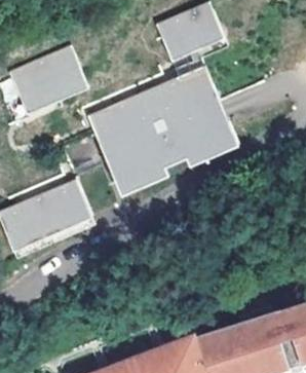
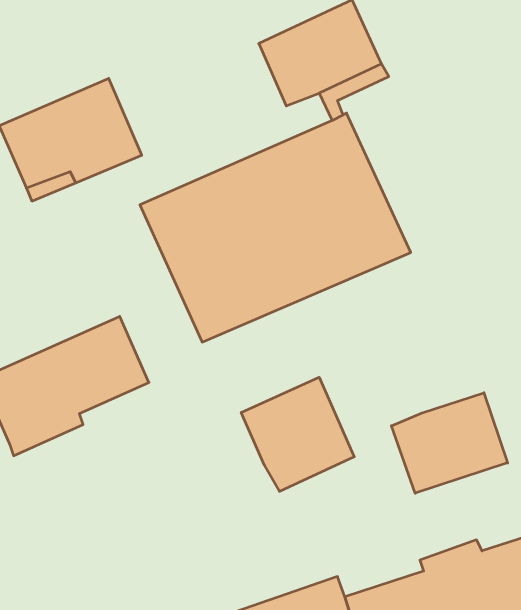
building: none -> [241,377,354,491]
building: none -> [391,393,508,493]

